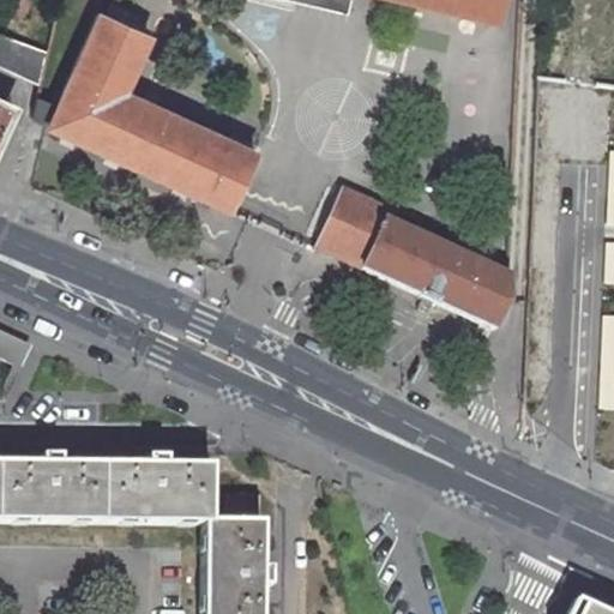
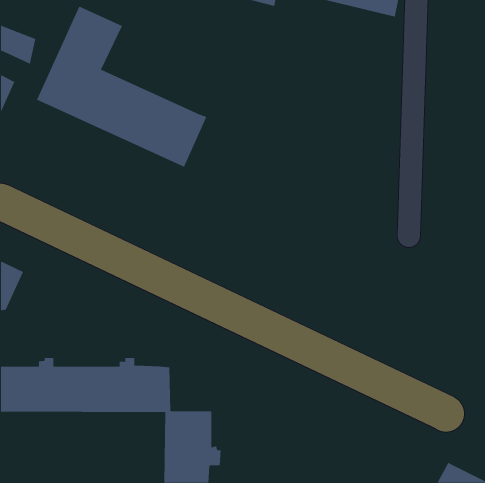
building: [311,186,507,332] -> none

